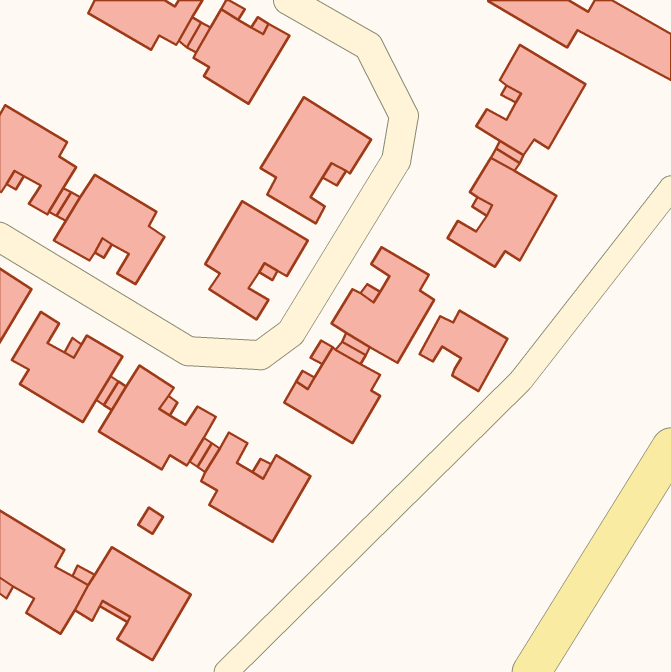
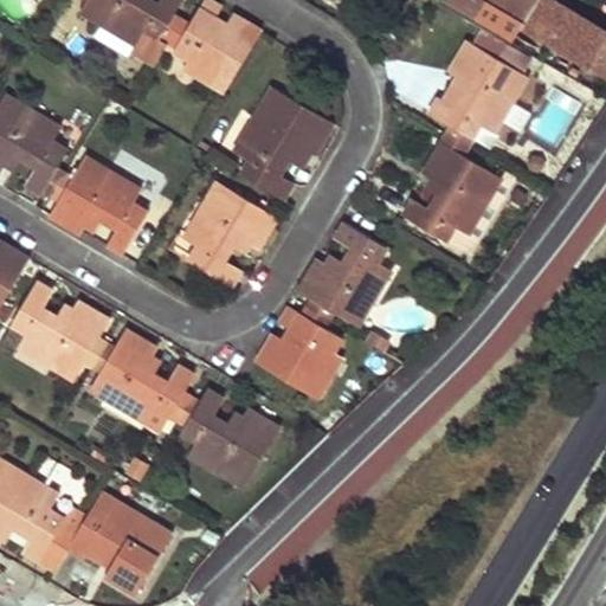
building: [419,311,508,391] -> none

